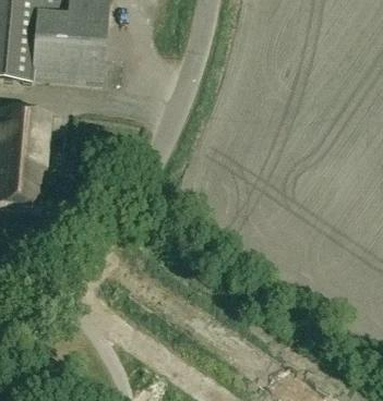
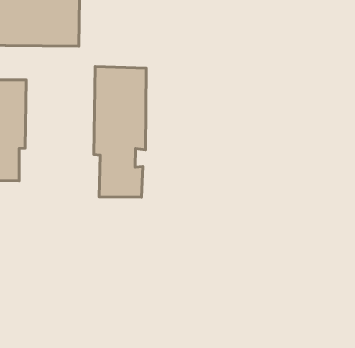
building: none -> [94,66,146,197]

